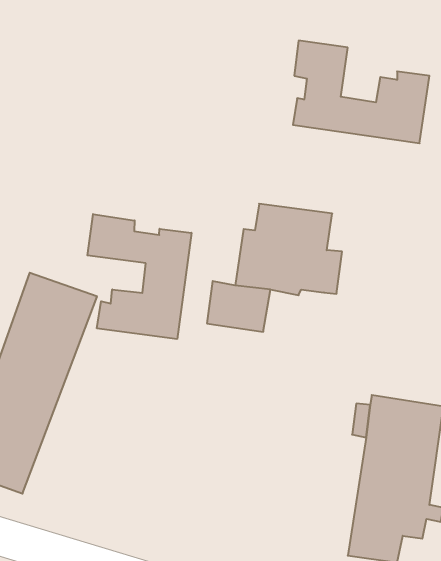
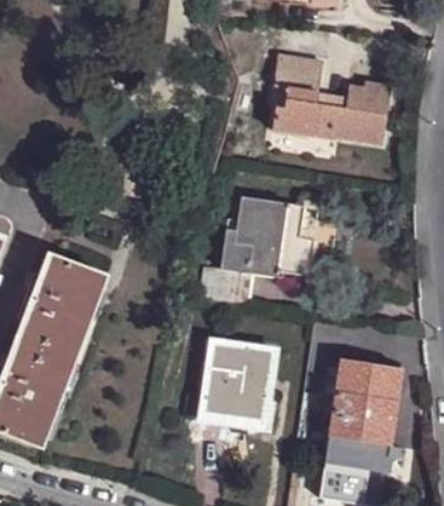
building: [87,214,191,339] -> none
building: none -> [198,339,272,424]

